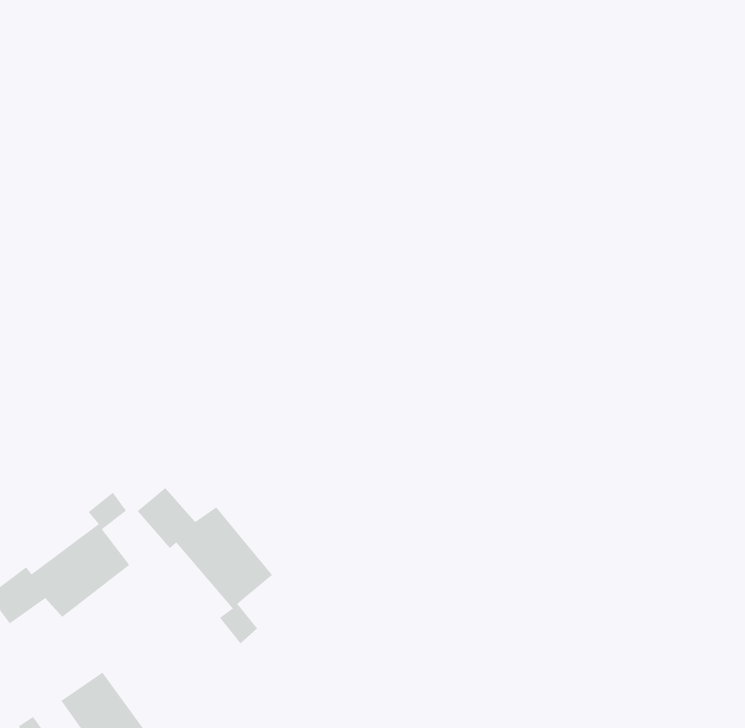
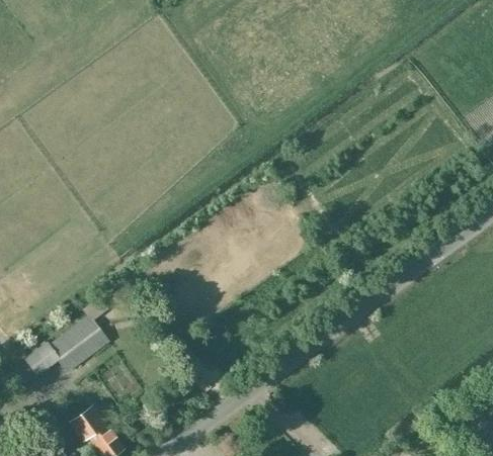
building: [137,487,273,644] -> none

